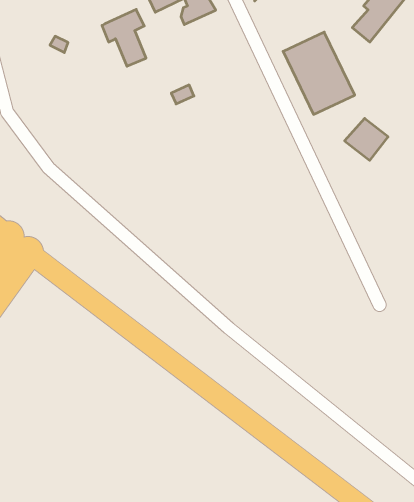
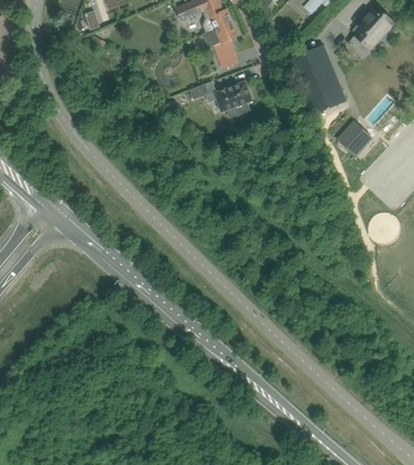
building: [102,9,146,66] -> [202,20,238,68]
building: none -> [214,80,252,113]

